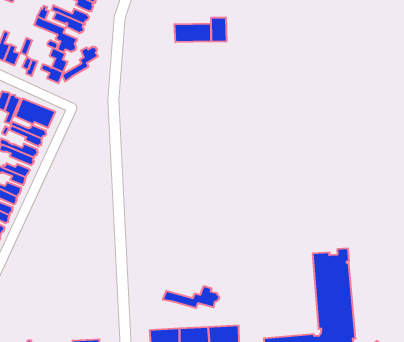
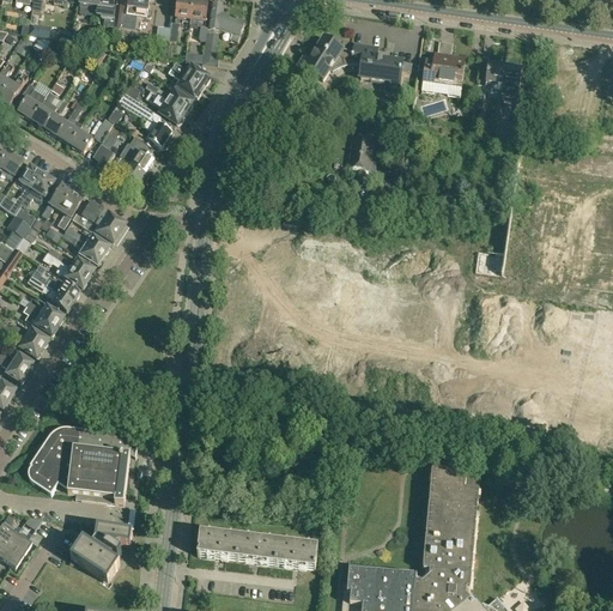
building: [174,23,211,42] -> none
building: [62,46,98,81] -> none
building: none -> [29,425,132,502]
building: [163,286,219,308] -> none

